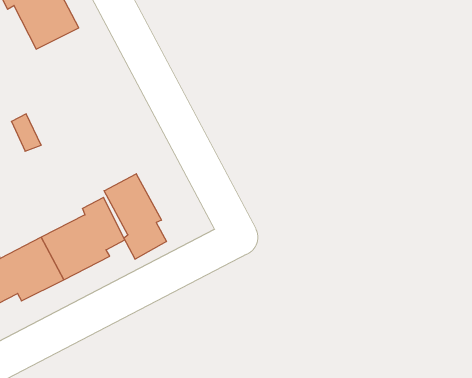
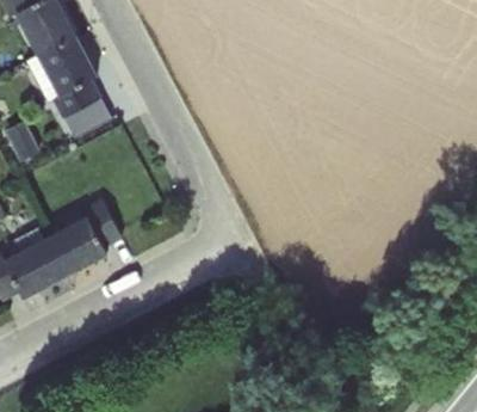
building: none -> [24,37,110,137]
building: [104,174,166,259] -> none

